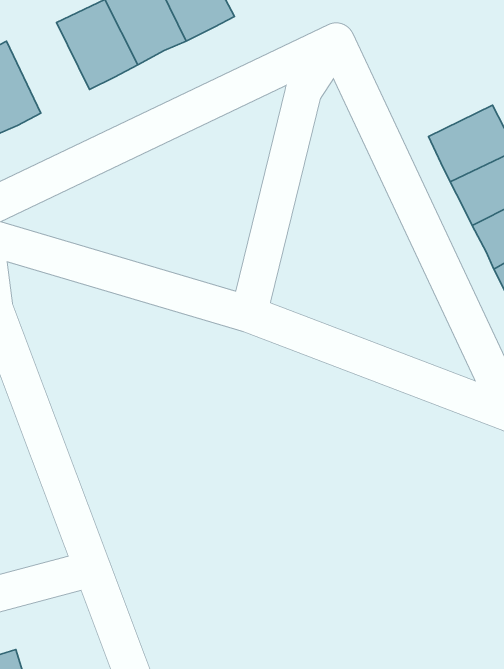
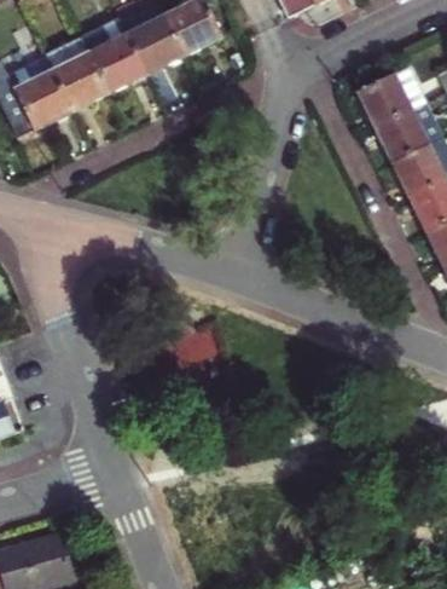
building: none -> [51,40,115,115]
building: none -> [358,73,426,133]

